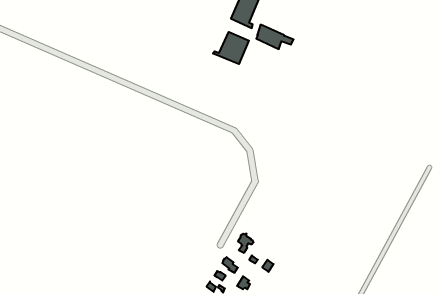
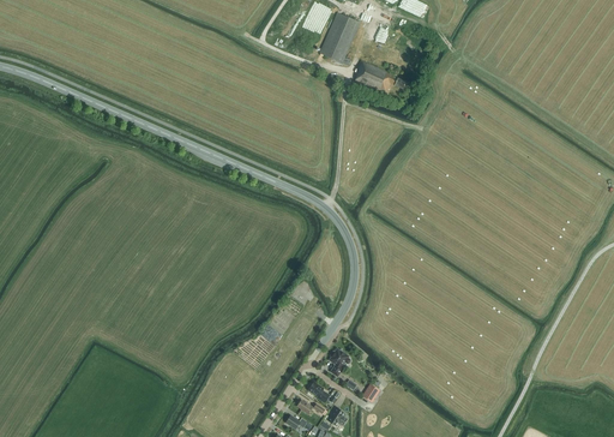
building: [213,32,249,64] -> none

